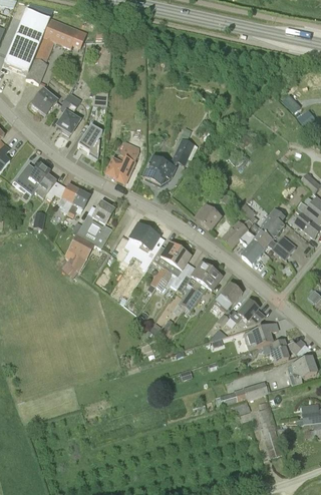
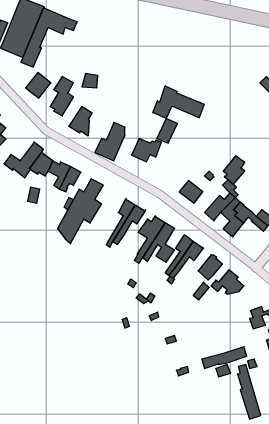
building: none -> [153,86,204,119]
building: [262,207,285,237] -> [223,156,245,184]
building: [242,322,277,349] -> none

